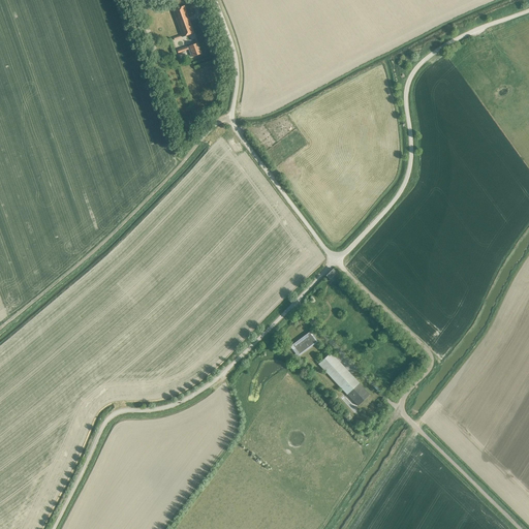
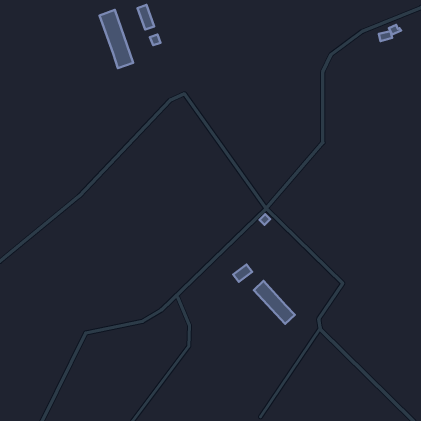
building: none -> [100,10,133,68]

